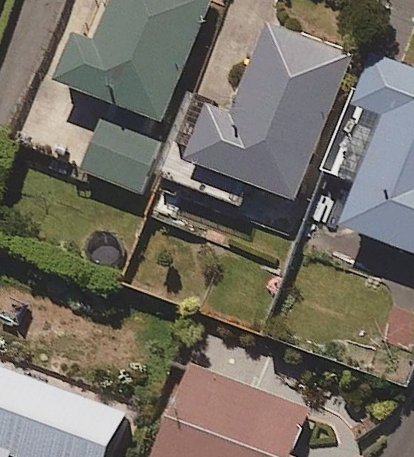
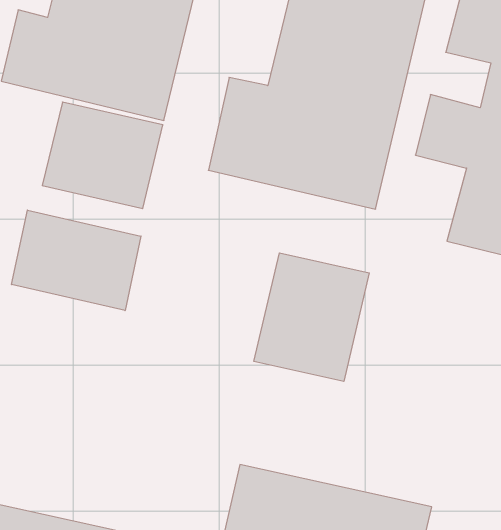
building: none -> [12,210,141,311]
building: none -> [254,253,369,381]

